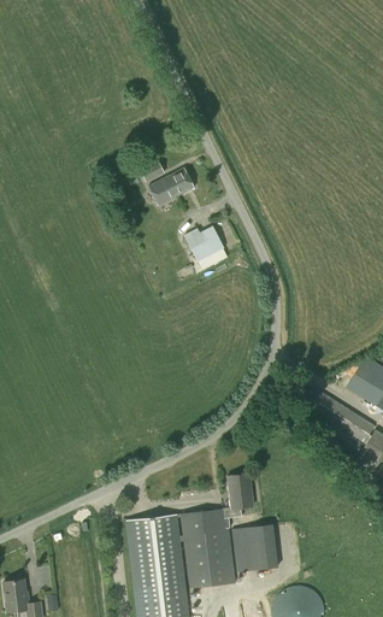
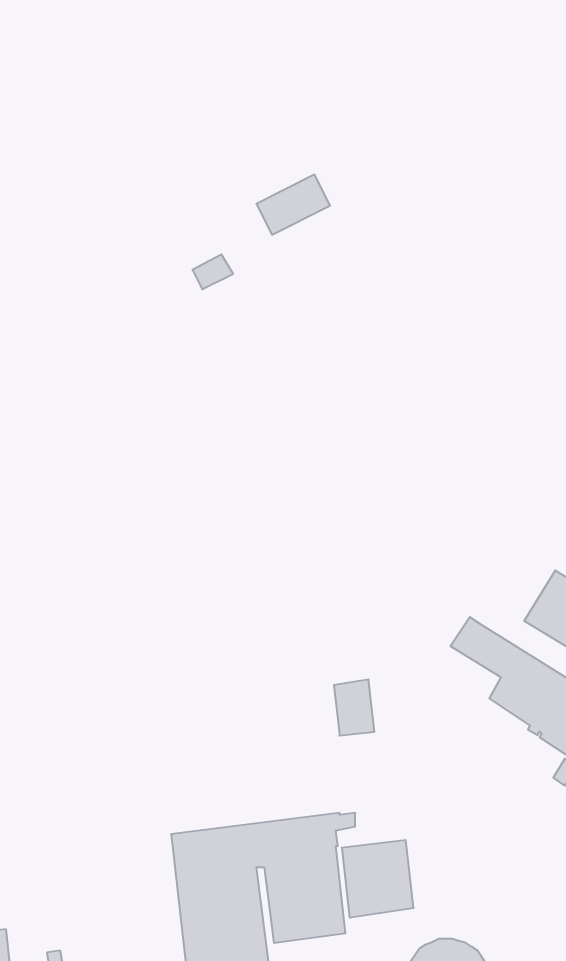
building: [147,169,193,206] -> [256,175,330,235]
building: [183,227,223,262] -> none
building: [228,474,253,509] -> [334,679,374,736]

